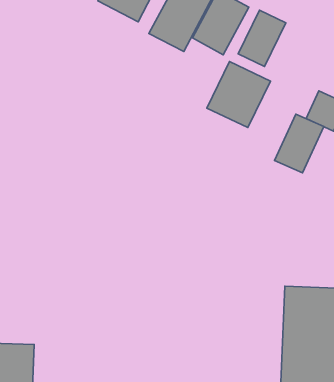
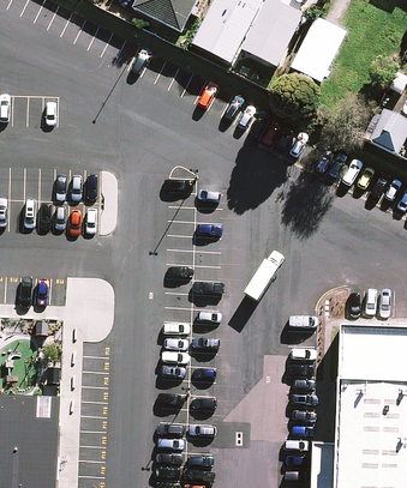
building: [207,62,271,128] -> none
building: [274,114,324,173] -> none

